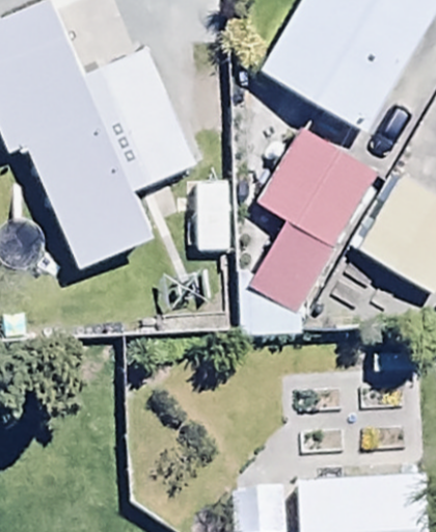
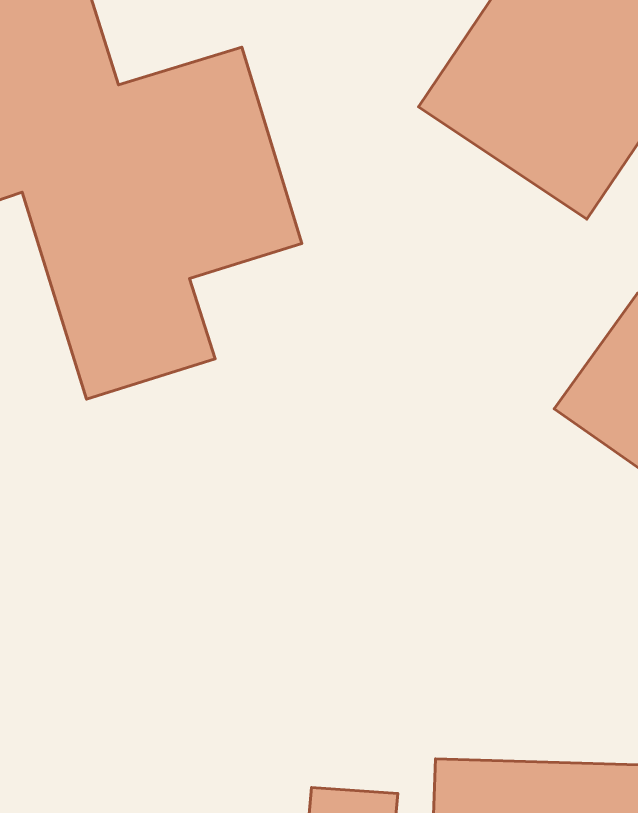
building: [238,127,377,332] -> none

